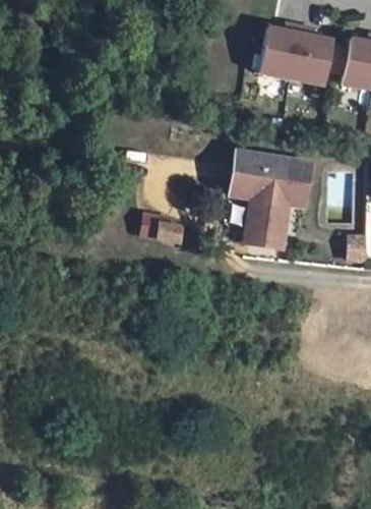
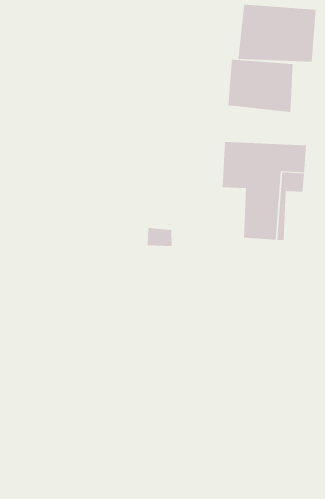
building: none -> [228,59,293,113]

